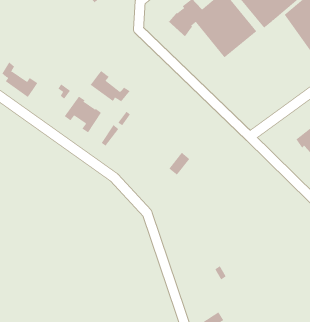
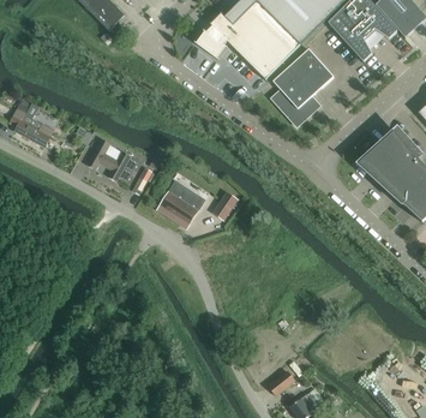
building: none -> [272,48,334,125]
building: [90,70,131,102] -> none
building: none -> [163,181,204,220]

